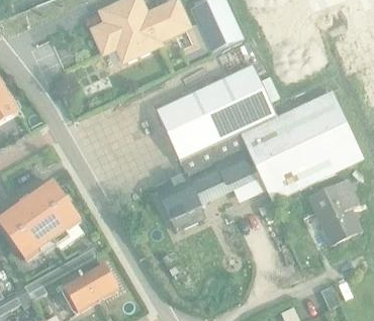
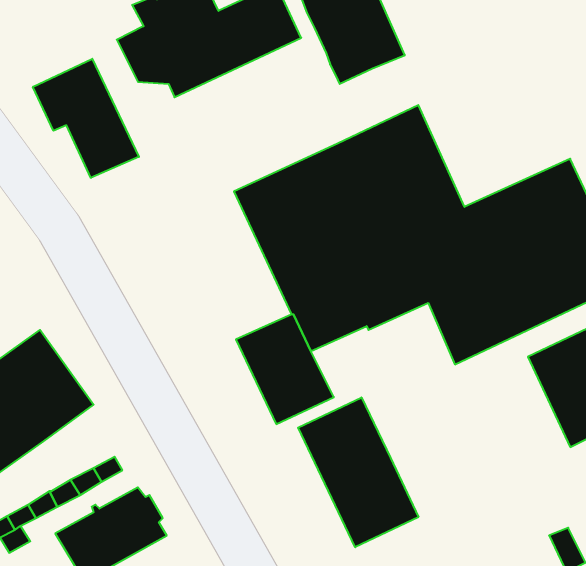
building: none -> [33,59,139,178]
building: none -> [298,397,418,547]

